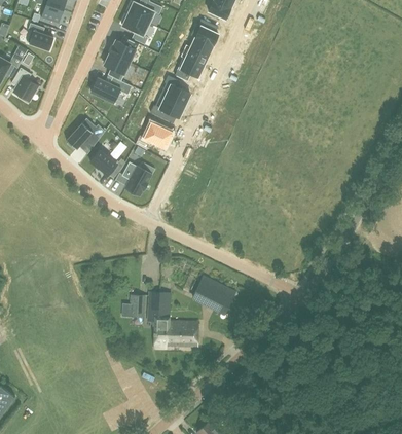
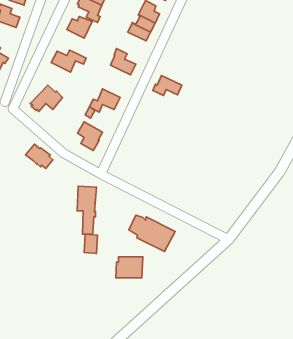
building: [104,52,130,81] -> none
building: [175,56,203,81] -> none
building: [150,95,184,118] -> [153,76,182,96]
building: [89,149,121,178] -> [26,144,53,169]
building: [148,291,171,348] -> [77,186,96,234]

